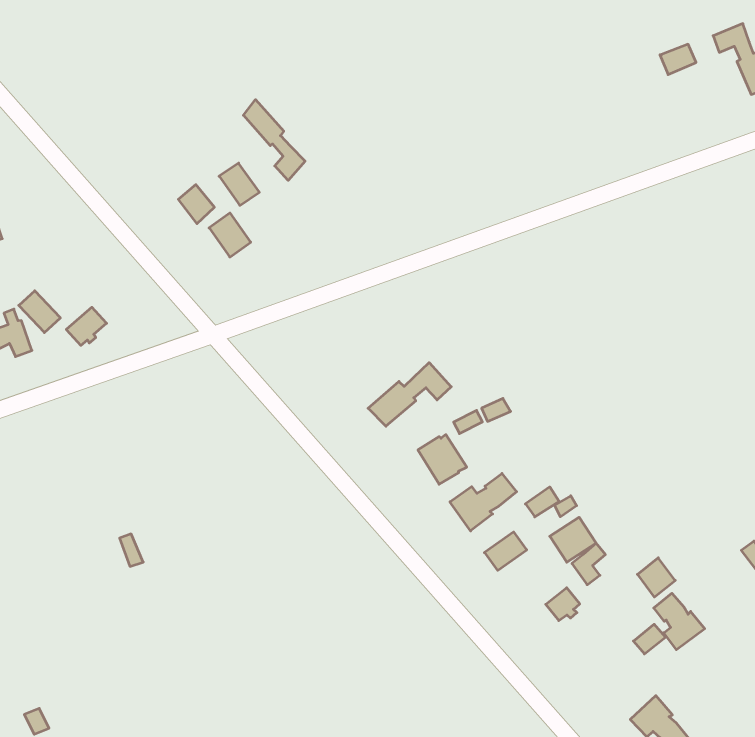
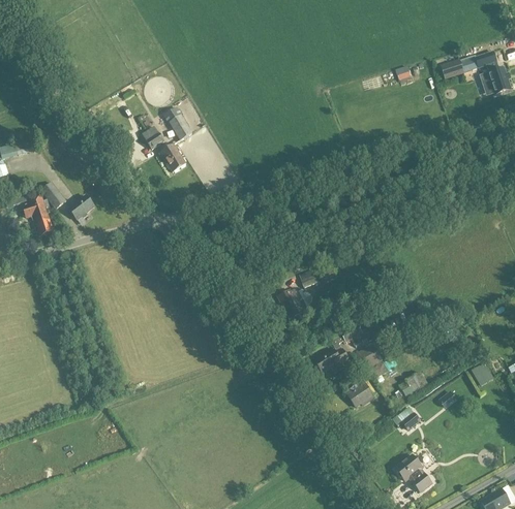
building: [243,100,305,180] -> none
building: [368,363,451,426] -> none
building: [450,473,517,531] -> none
building: [654,593,705,650] -> none

